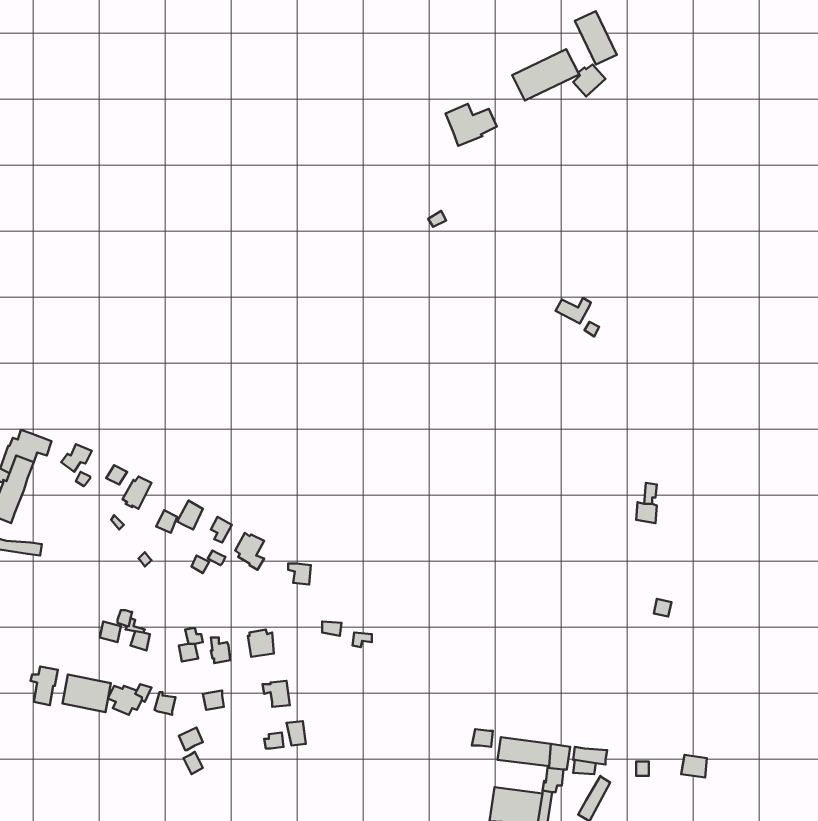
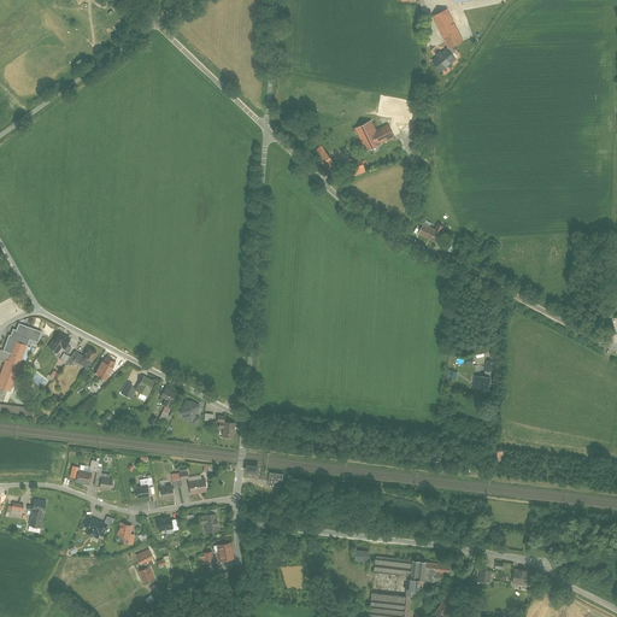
building: [512,49,579,100] -> none
building: [445,104,497,146] -> [353,122,392,153]
building: [62,675,111,712] -> none

